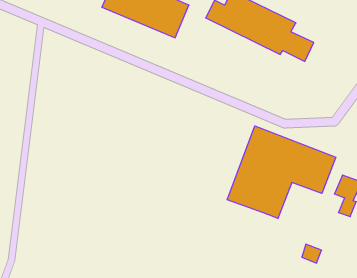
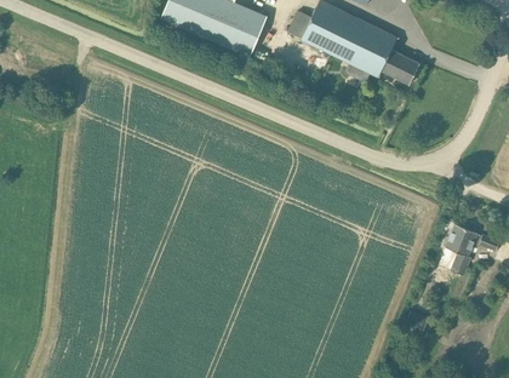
building: [227,126,336,219] -> none

